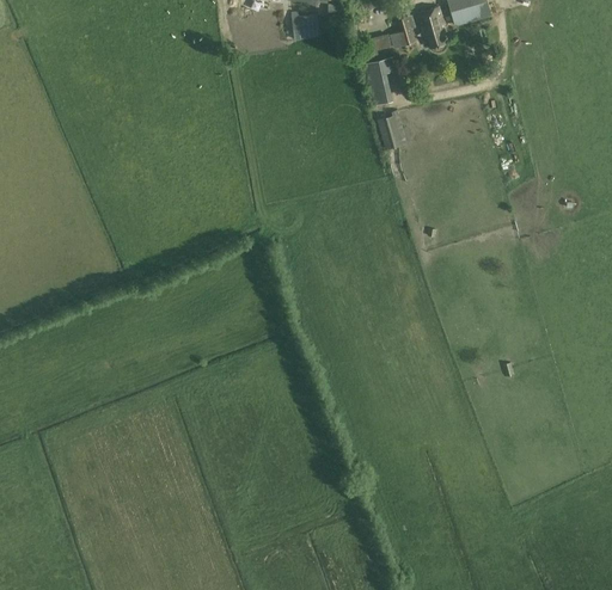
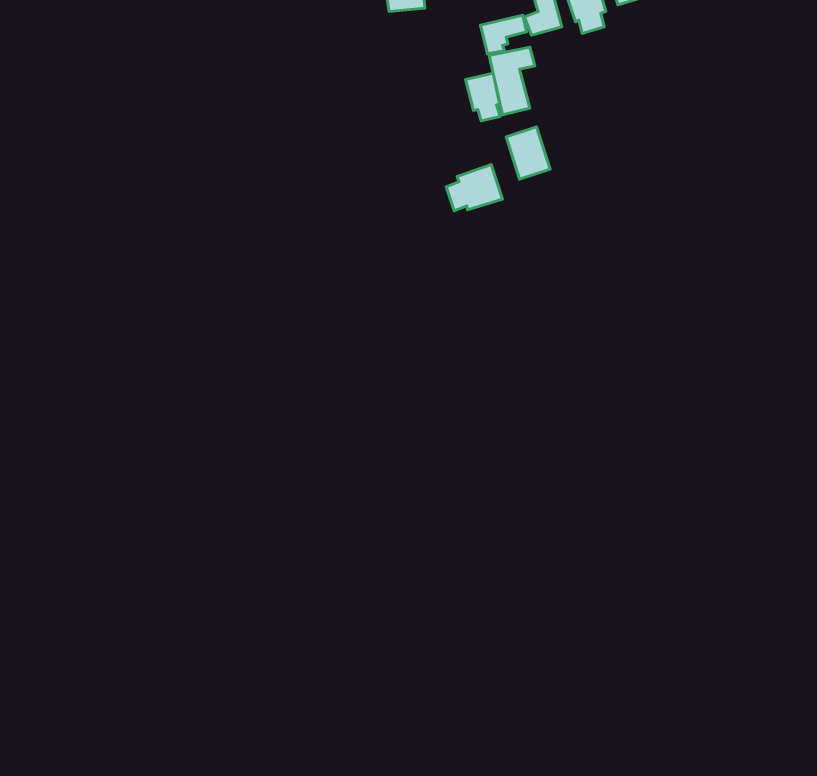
building: none -> [466,73,500,121]
building: none -> [446,164,502,211]

